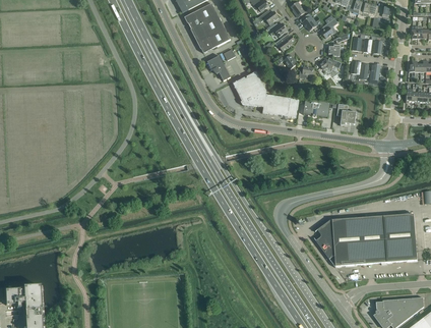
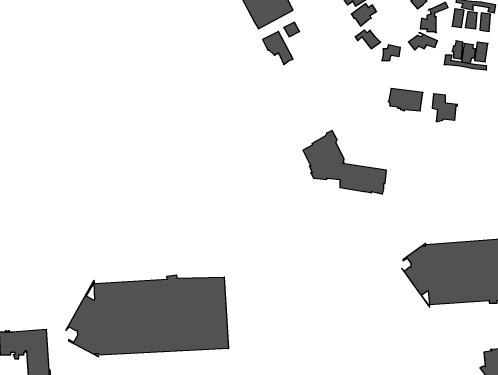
building: [234,68,298,117] -> [303,130,386,194]
building: none -> [66,275,228,357]

